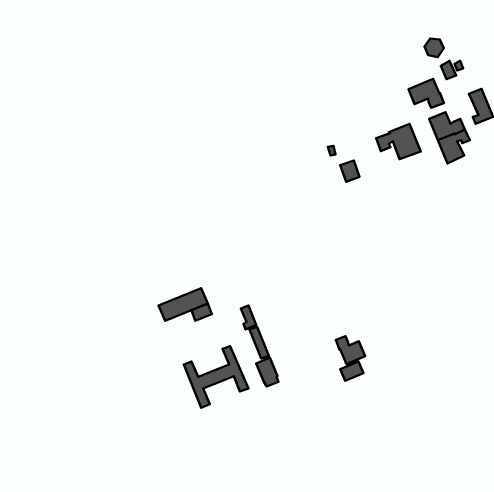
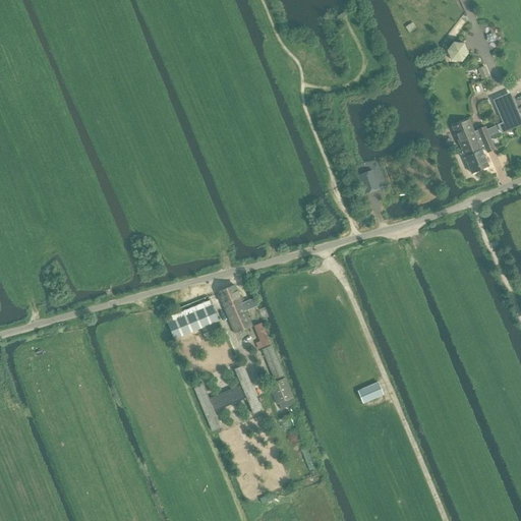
building: [408,79,444,108] -> none
building: [376,124,421,159] -> none
building: none -> [218,284,257,332]
building: [336,336,365,364] -> none

